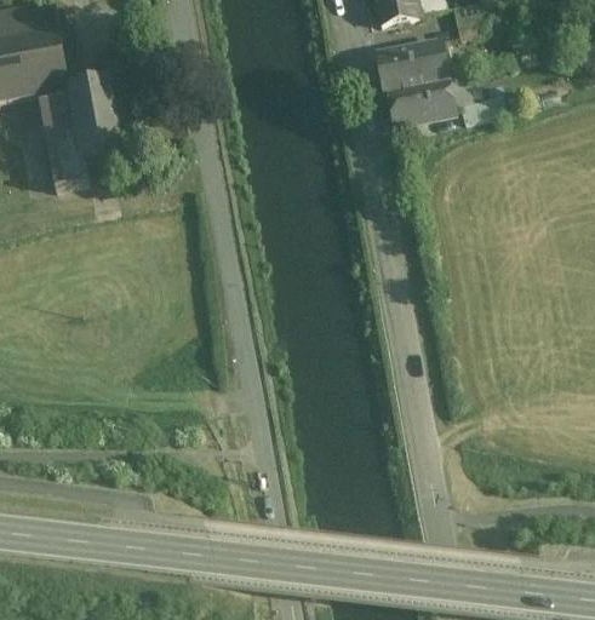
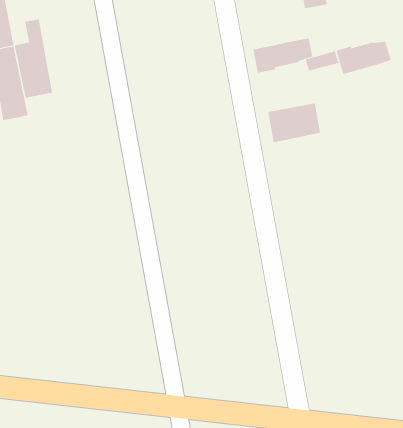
building: [371,41,442,94] -> [267,103,321,143]
building: none -> [336,41,392,75]

